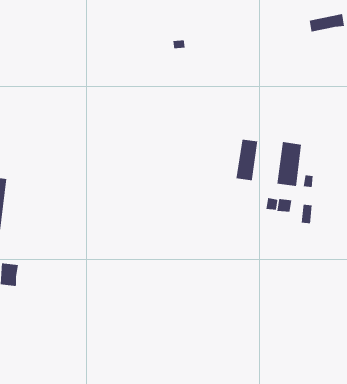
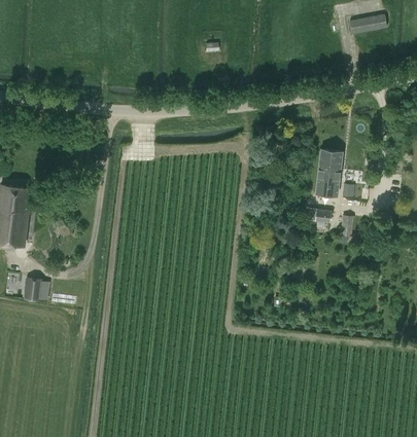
building: [236,139,258,181] -> none

